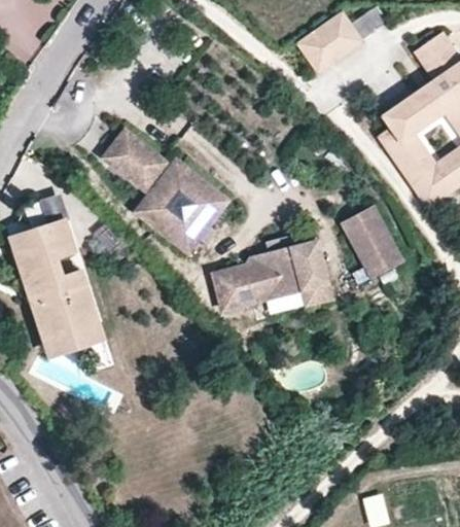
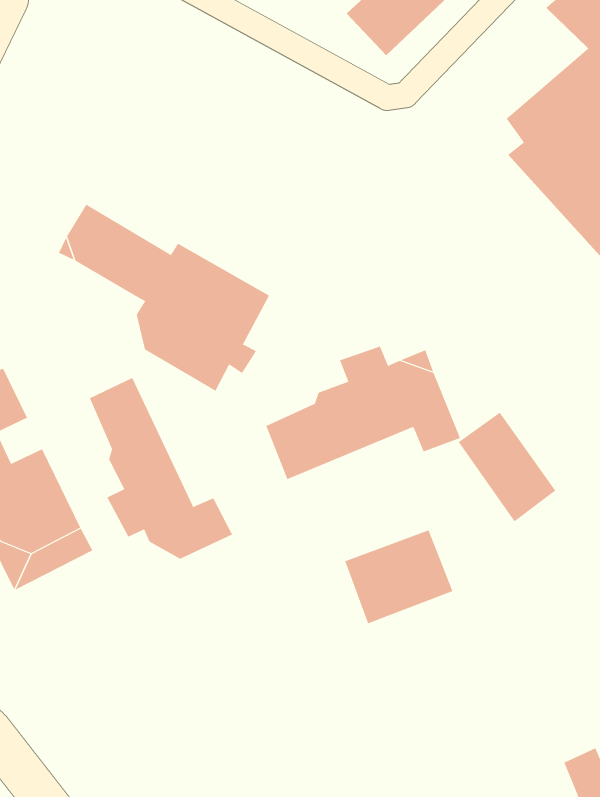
building: [344,212,398,279] -> [458,412,556,522]
building: none -> [89,377,233,559]
building: none -> [344,530,453,624]

